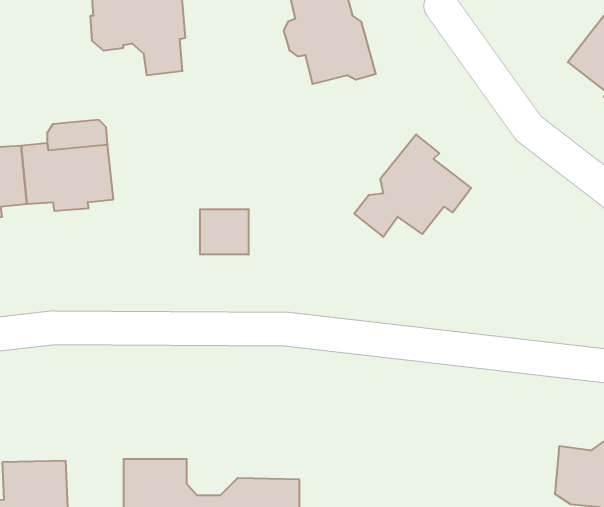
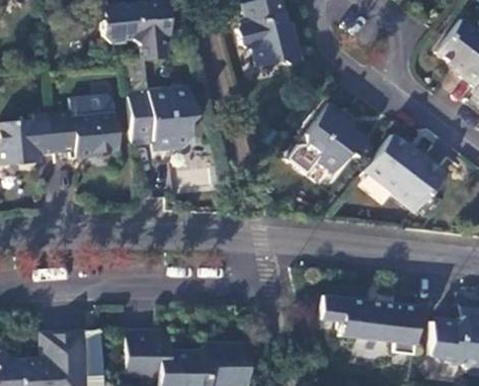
building: none -> [130,90,197,148]
building: none -> [366,134,444,213]
building: none -> [321,295,420,355]

